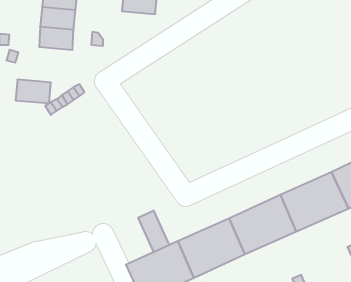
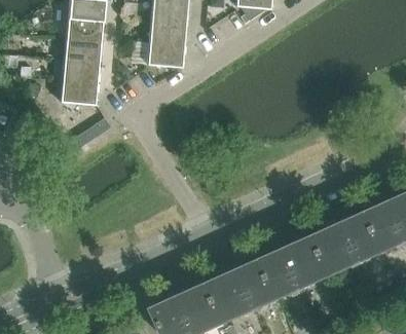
building: none -> [146,43,183,68]
building: [16,80,51,103] -> [60,80,97,105]
building: [138,210,169,252] -> none

